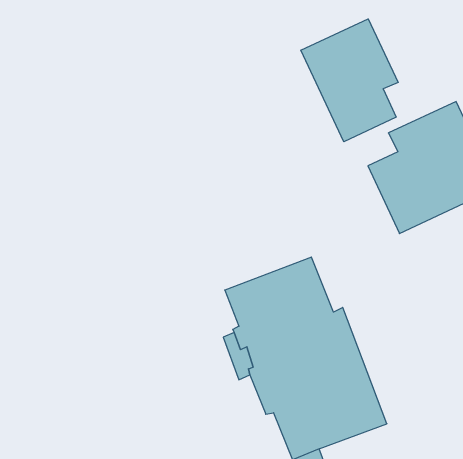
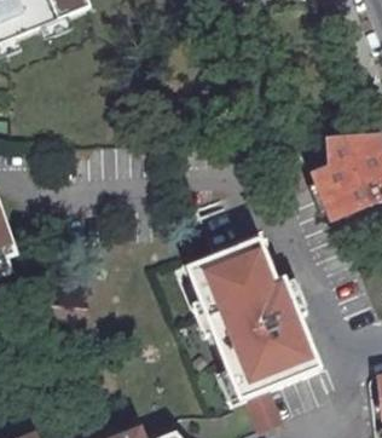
building: [301,19,398,142] -> none

